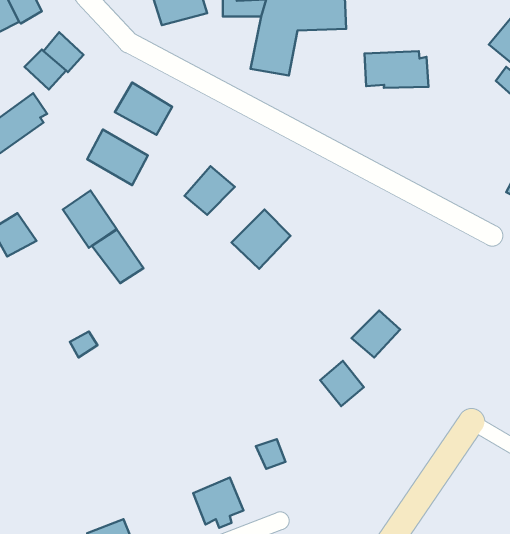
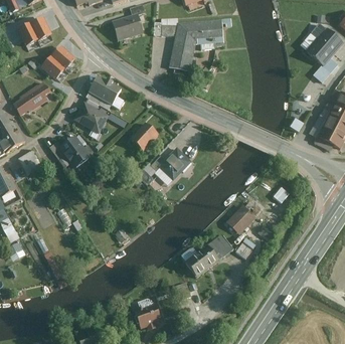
building: [365,51,429,88] -> none
building: [92,229,143,283] -> none
building: none -> [187,246,221,277]

